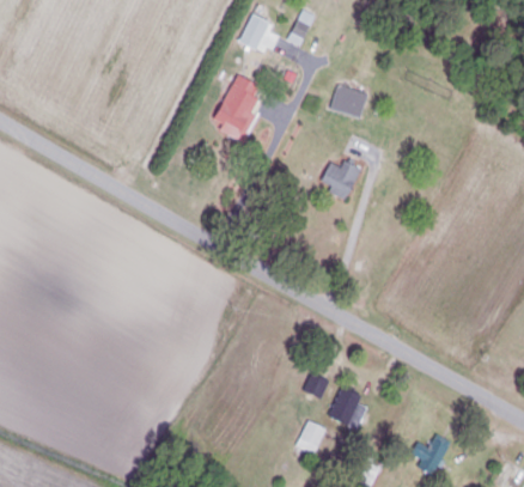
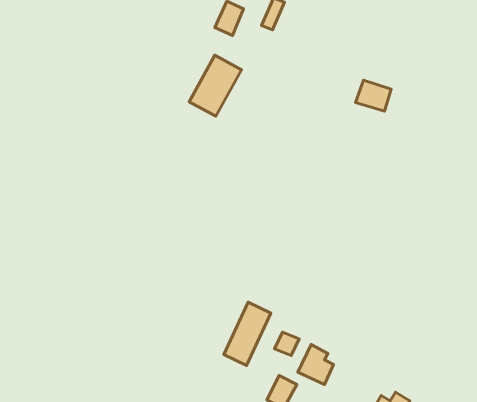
building: [329,85,367,118] -> [356,80,391,111]
building: [318,160,361,199] -> none
building: none -> [224,302,271,365]

